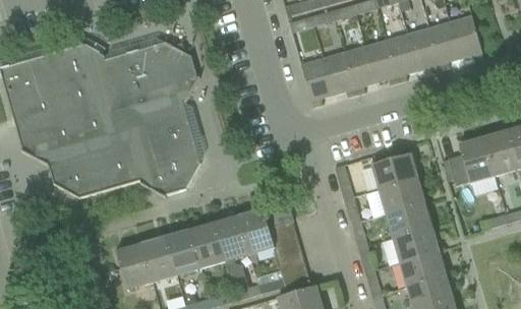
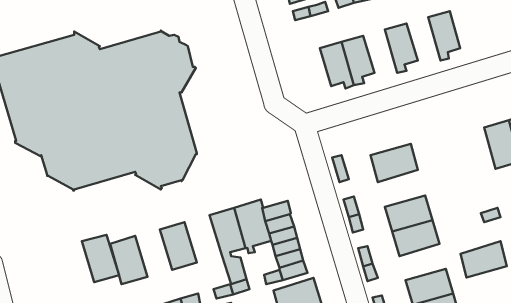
building: [450,14,483,60] -> none
building: [407,26,441,72] -> none
building: [364,39,398,84] -> none
building: [300,57,333,107] -> none
building: [448,135,495,185] -> none
building: [379,177,425,213] -> none
building: [188,222,225,268] -> none
building: [139,236,176,283] -> [82,235,119,282]
building: [400,250,446,286] -> [460,241,507,277]

